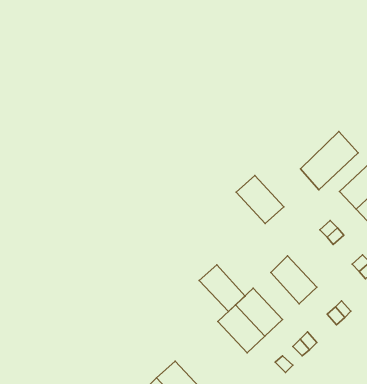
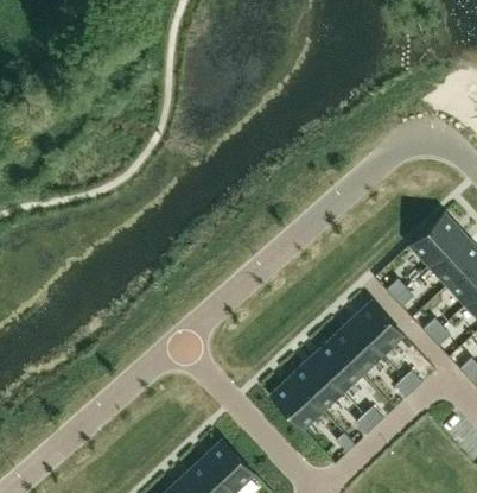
building: [301,132,358,190] -> none
building: [236,176,284,224] -> [350,301,405,355]
building: [199,265,245,312] -> [311,339,363,392]

